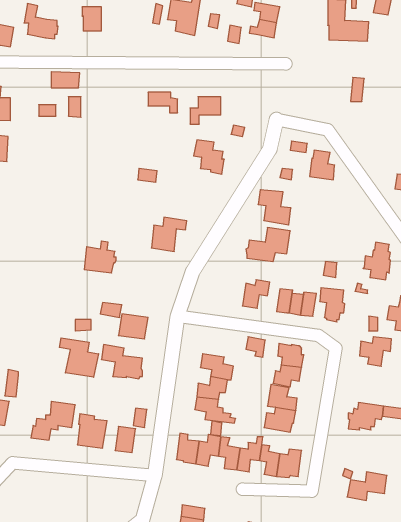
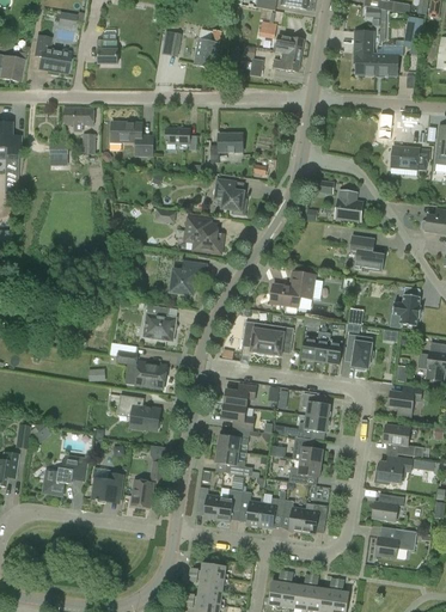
building: none -> [111,121,154,157]
building: none -> [391,145,427,170]
building: none -> [185,218,222,251]
building: [258,190,291,225] -> [349,234,384,271]
building: [84,241,116,273] -> [143,306,177,339]
building: none -> [244,320,269,353]
building: none -> [224,381,257,406]
building: [59,338,99,377] -> none
building: none -> [383,423,424,457]
building: none -> [372,492,404,520]

